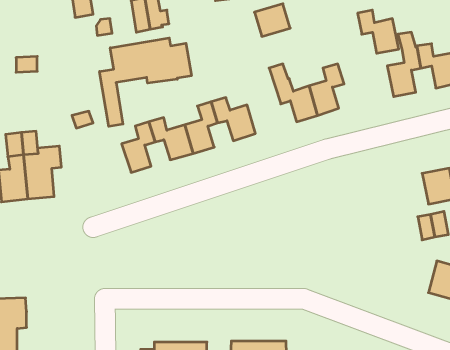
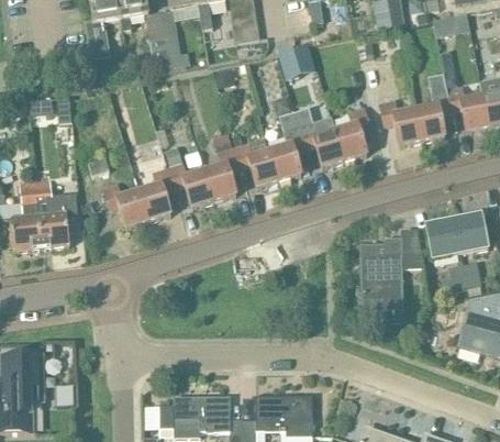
building: [358,10,399,53] -> [380,99,423,144]
building: [100,38,191,126] -> none
building: none -> [270,110,305,178]
building: none -> [102,181,149,226]
building: none -> [425,220,459,257]
building: none -> [362,230,425,308]

